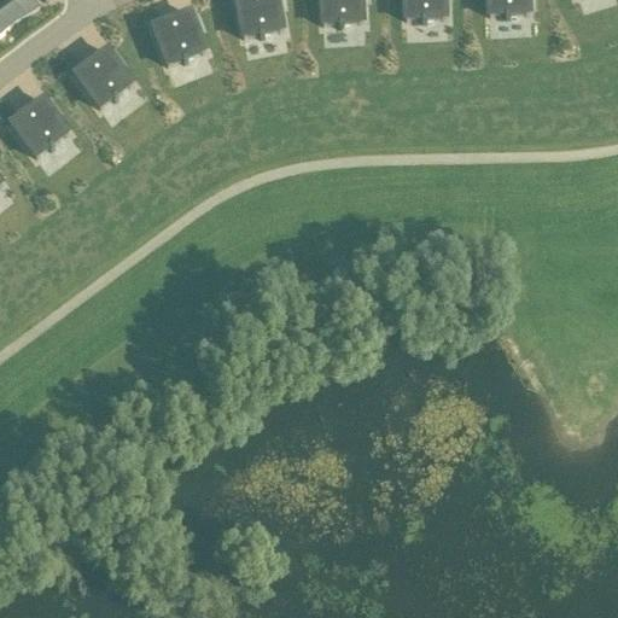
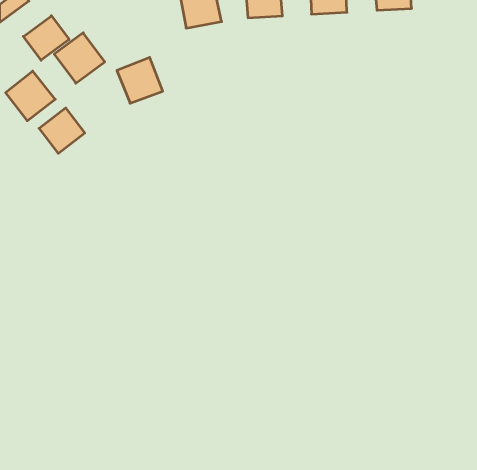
building: [148,5,208,64] -> [117,57,163,103]
building: none -> [23,16,69,60]
building: none -> [39,108,85,153]

